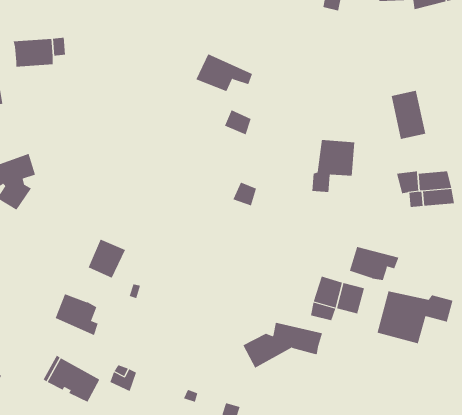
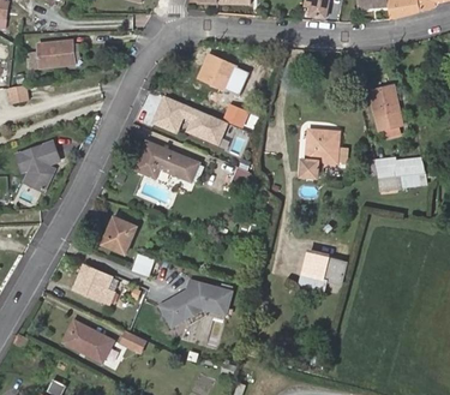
building: none -> [154,95,227,144]
building: none -> [136,142,198,180]
building: [349,246,399,281] -> none
building: [377,290,453,344] -> none
building: [242,322,323,368] -> [160,283,230,324]

